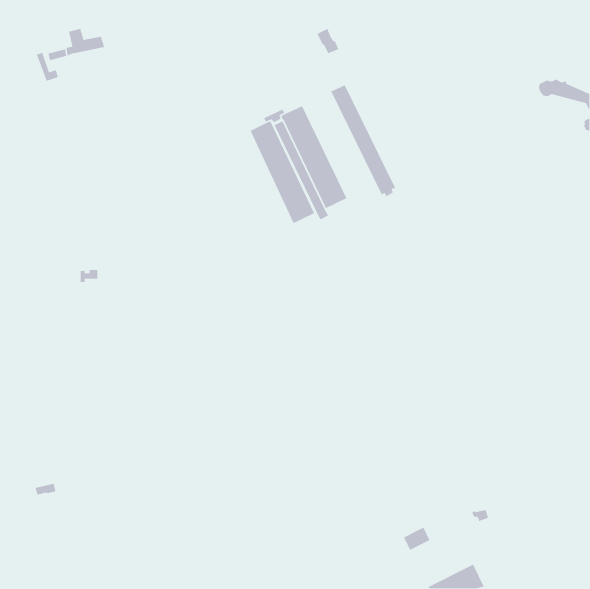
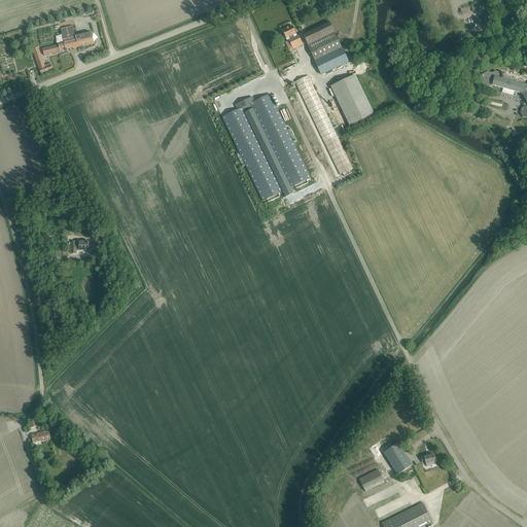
building: none -> [302,21,348,74]
building: none -> [331,75,373,125]
building: none -> [383,443,413,473]

